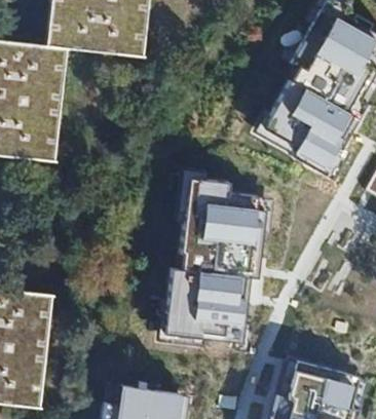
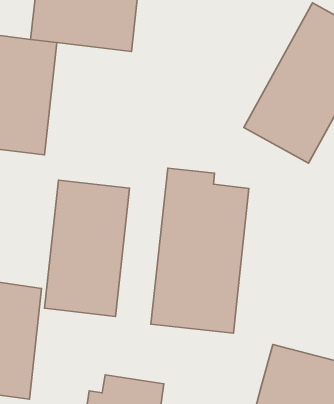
building: none -> [44,180,130,316]

